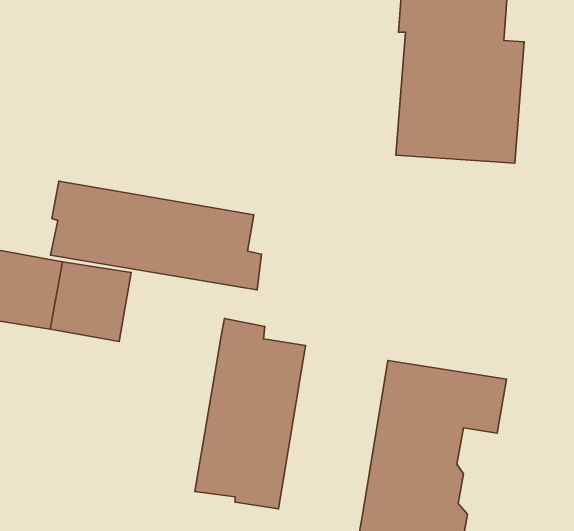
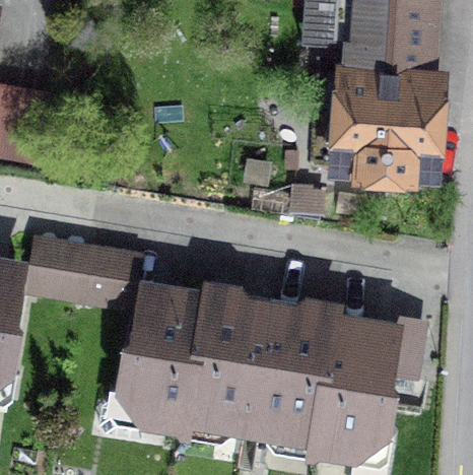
building: [50,181,262,290] -> none
building: none -> [123,287,207,427]
building: none -> [250,303,334,436]

